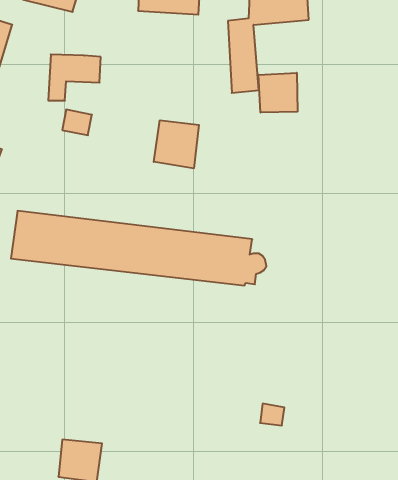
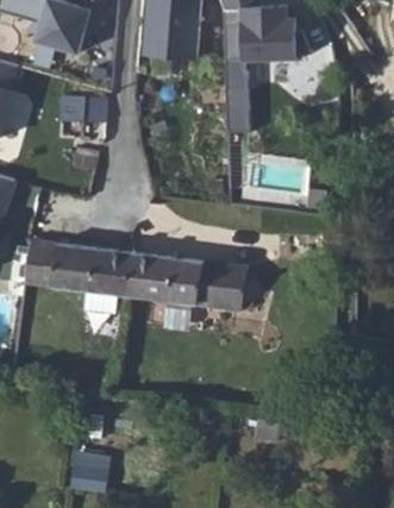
building: [259,73,297,113] -> none
building: [154,120,199,168] -> none

